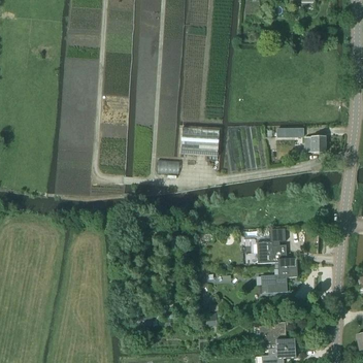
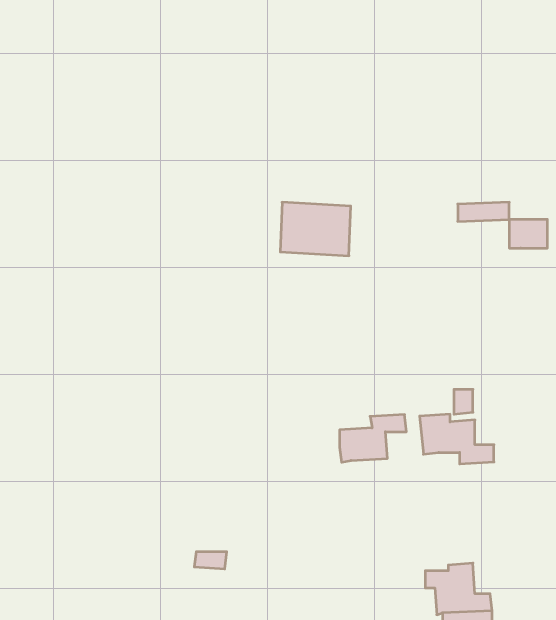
building: [261,267,297,293] -> [340,415,406,462]

